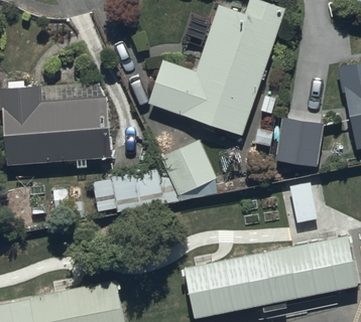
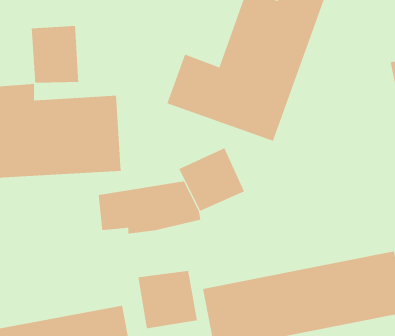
building: none -> [31,25,79,83]
building: [274,115,326,171] -> none
building: none -> [138,270,197,329]

